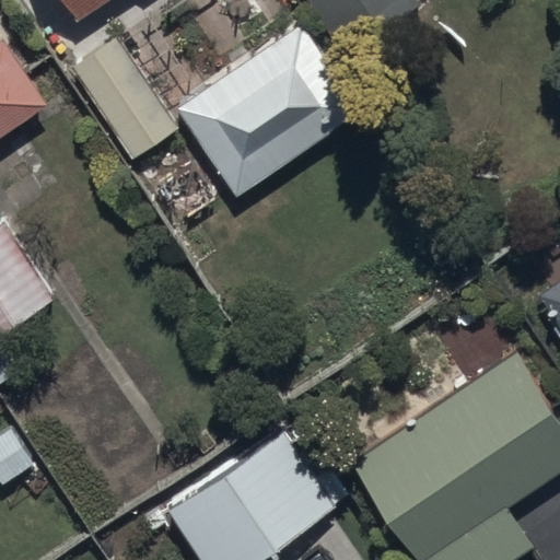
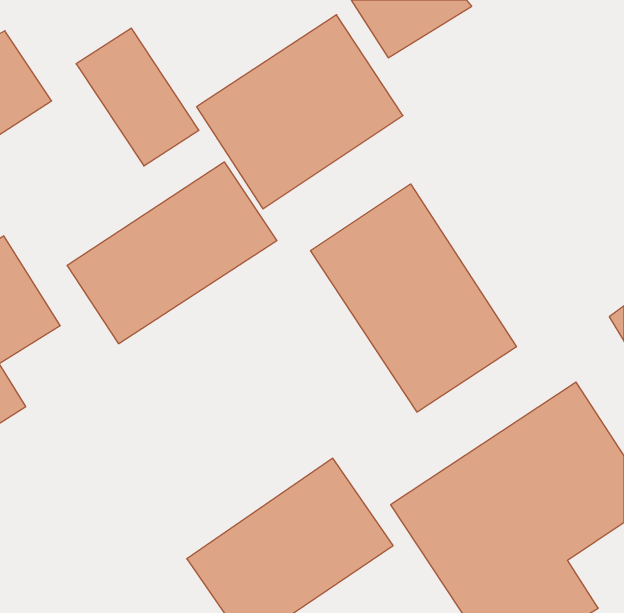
building: none -> [67,162,277,344]
building: none -> [311,184,516,412]

